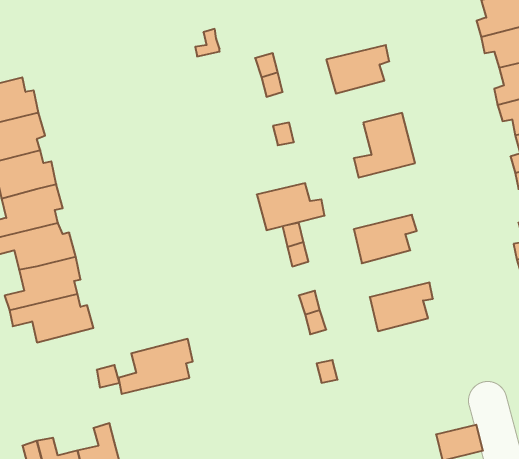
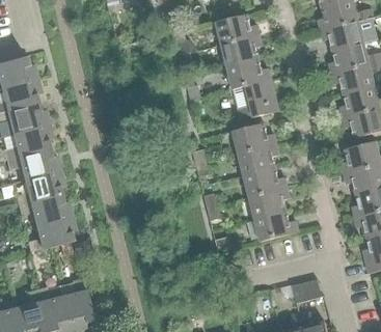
building: none -> [215,15,258,45]
building: none -> [226,58,269,89]
building: [257,183,325,230] -> [232,123,275,154]
building: none -> [243,167,287,197]
building: none -> [253,211,297,242]
building: [118,339,193,394] -> [26,217,74,252]

